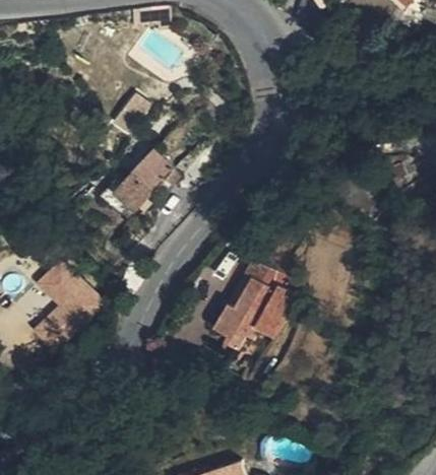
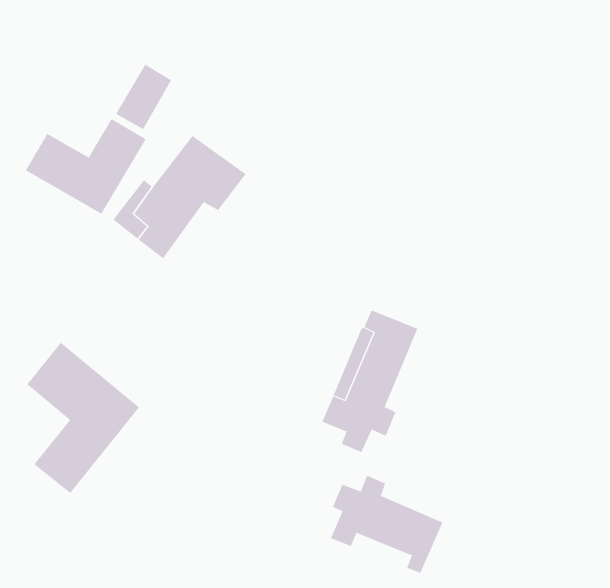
building: none -> [25,118,146,215]
building: none -> [330,475,443,574]

